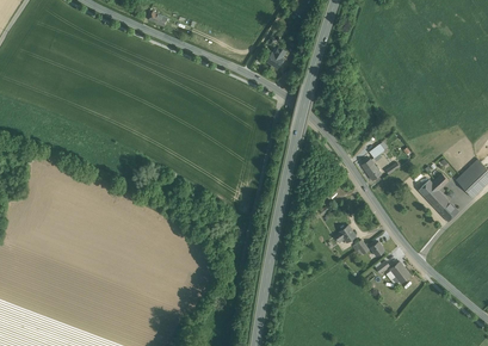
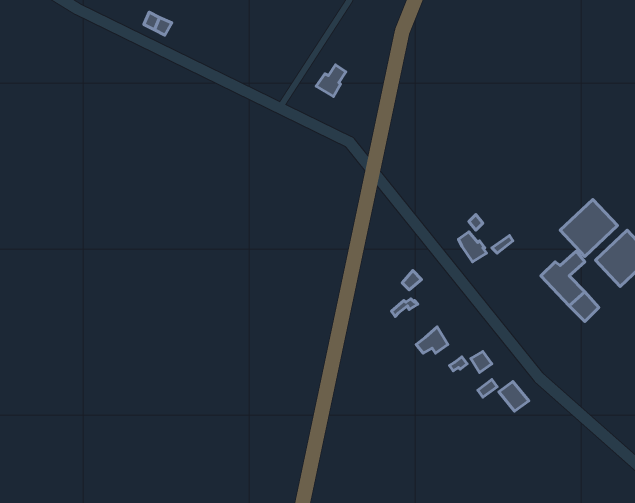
building: none -> [560,199,617,256]

